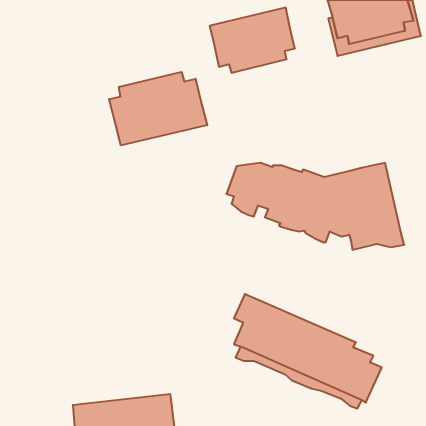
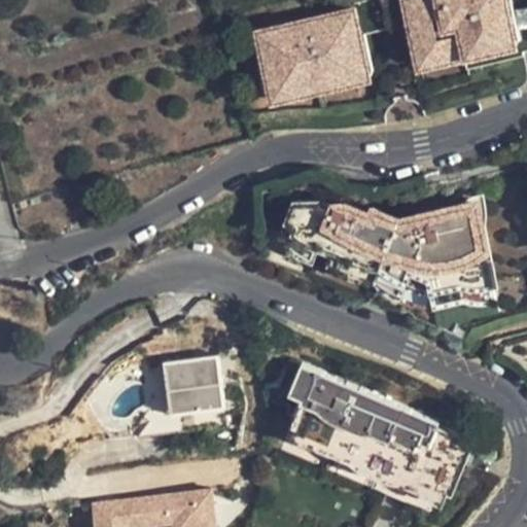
building: none -> [257,33,374,104]
building: [109,72,207,145] -> none
building: none -> [162,355,222,412]

